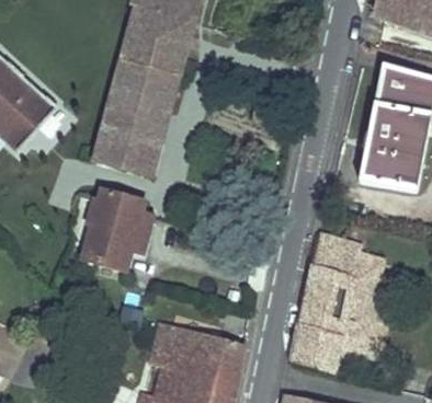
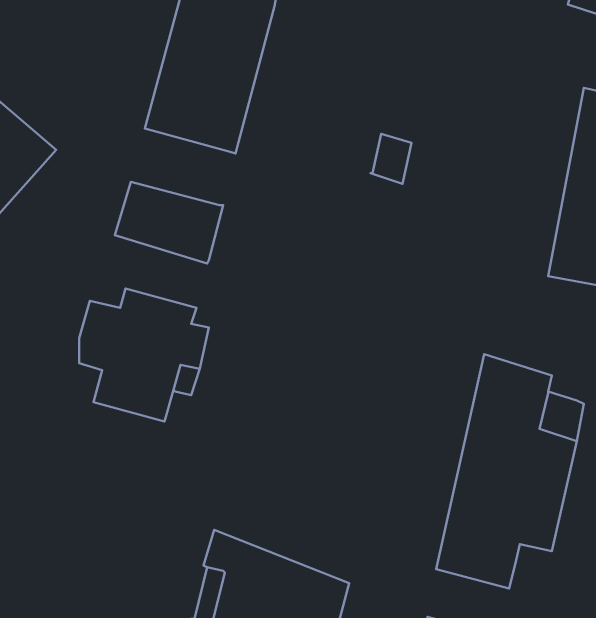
building: [103,91,168,138] -> none
building: [155,322,243,371] -> none

